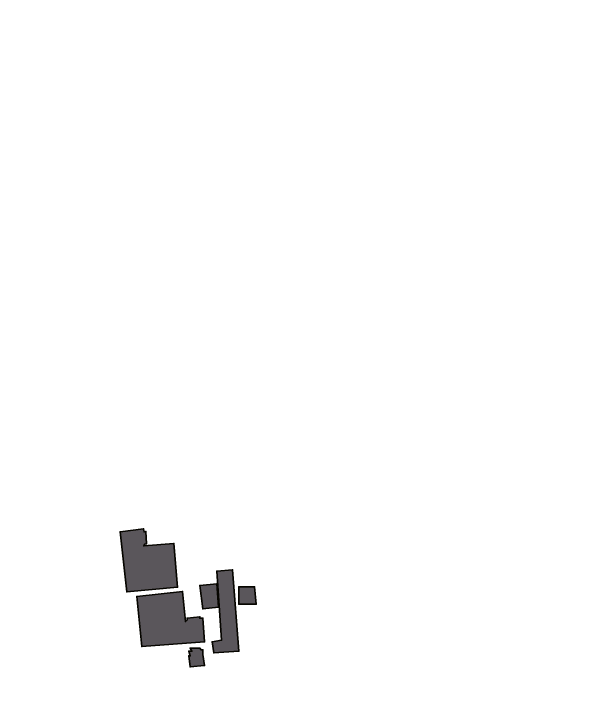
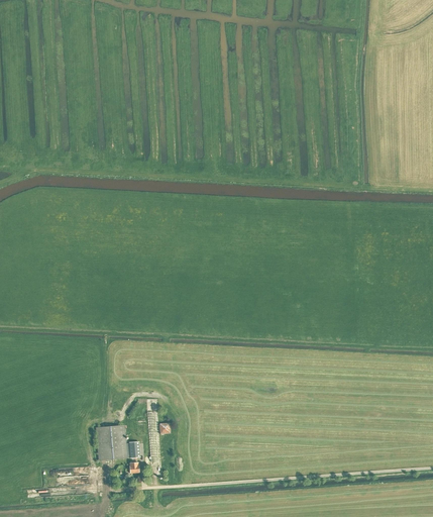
building: [120,529,177,592] -> none

